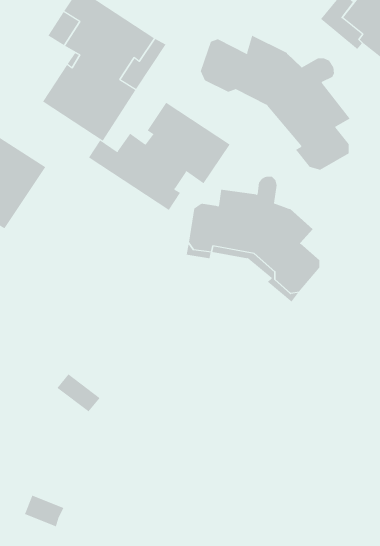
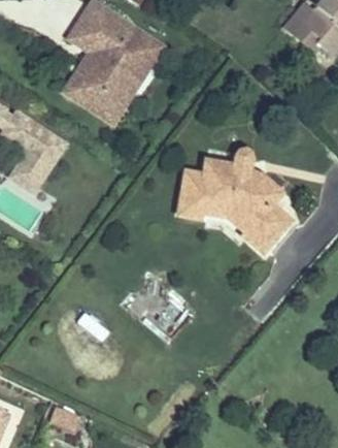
building: [200,35,351,170] -> none
building: [88,102,231,211] -> none

